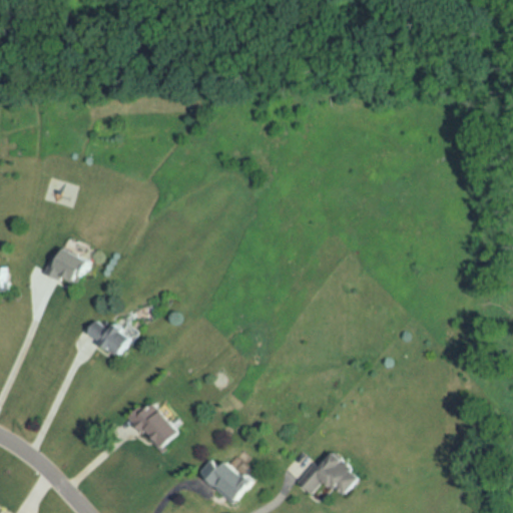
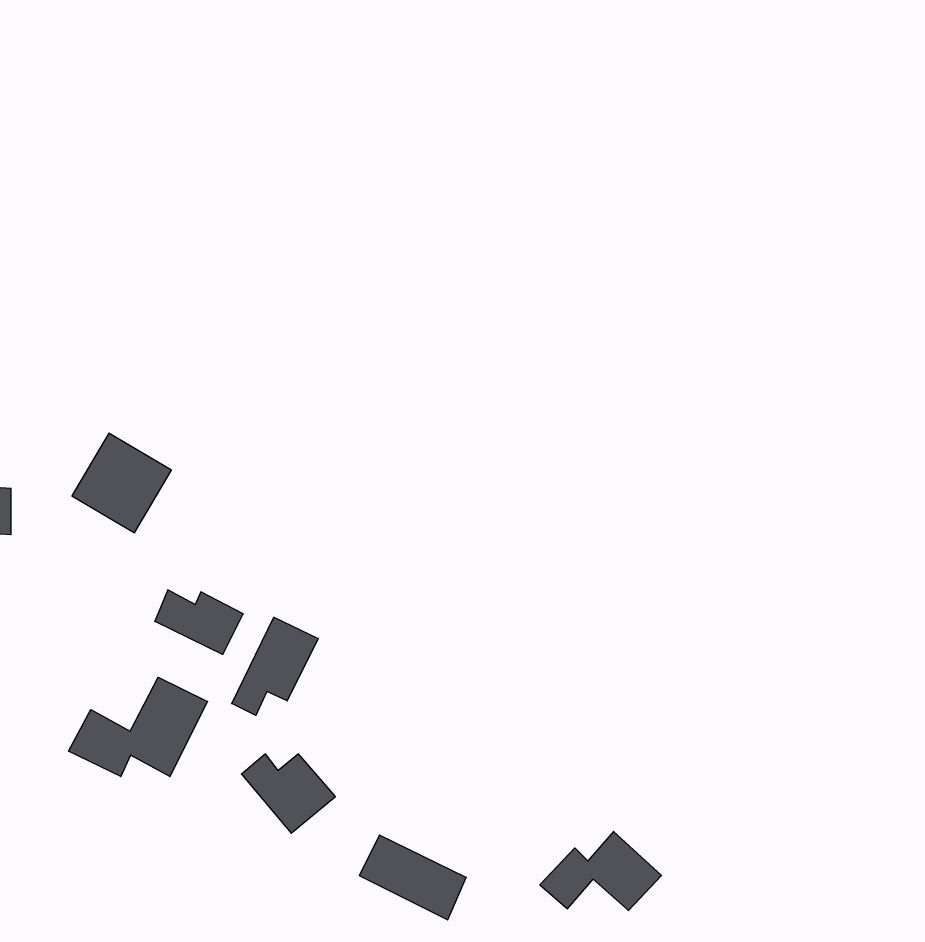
building: none -> [232,617,318,715]
building: none -> [69,677,208,777]

